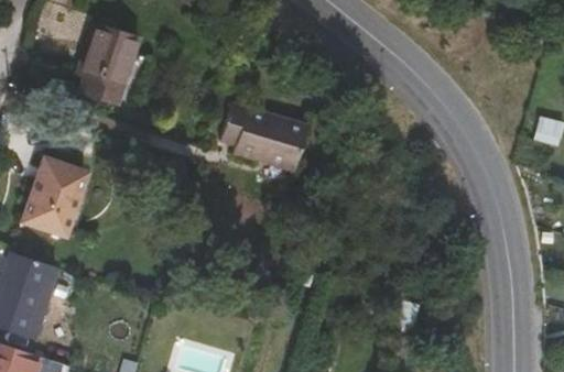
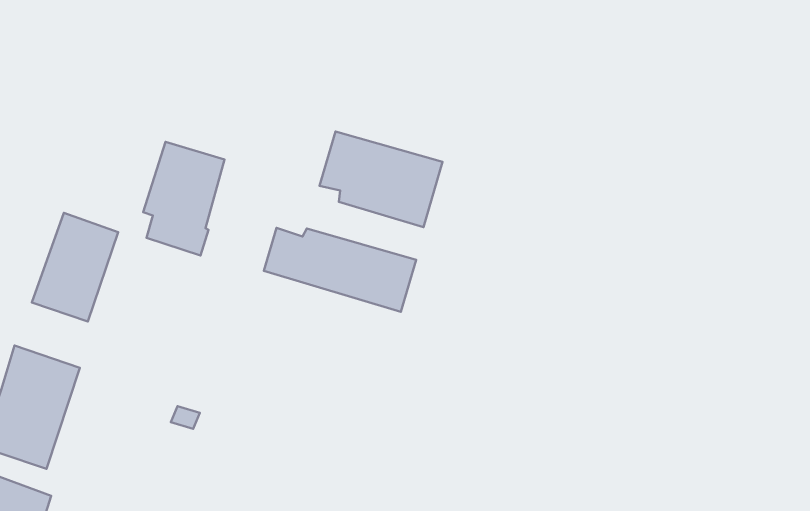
building: [78,24,134,102] -> [143,142,225,255]
building: none -> [264,228,416,312]

